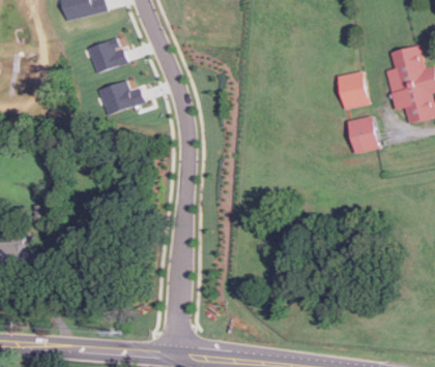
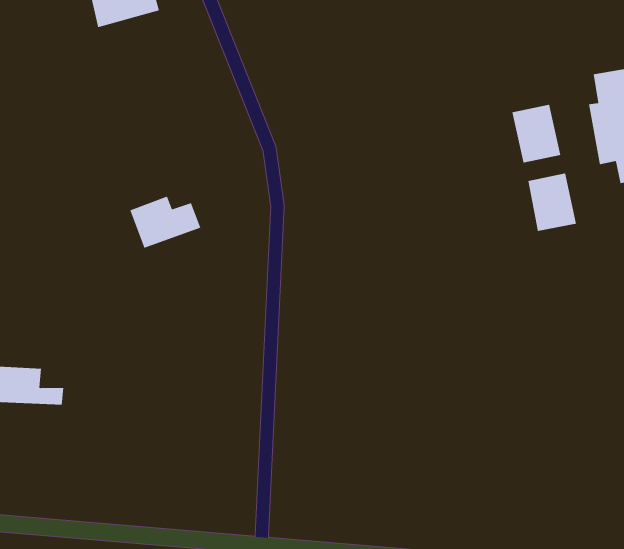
building: [87,39,128,74] -> none
building: [99,81,146,115] -> [129,196,201,249]

